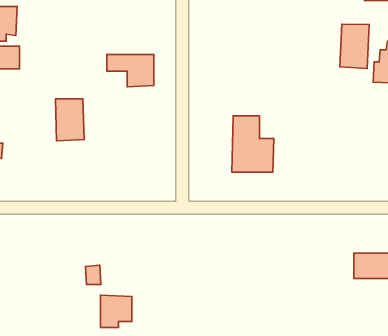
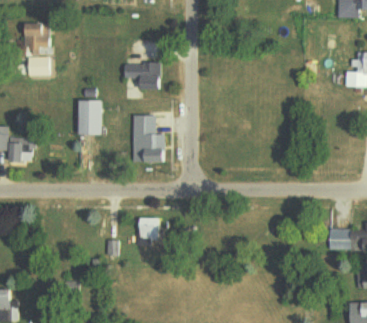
building: [340,24,369,69] -> none
building: [232,116,274,172] -> [131,115,166,162]
building: [101,295,132,328] -> [135,218,161,245]

